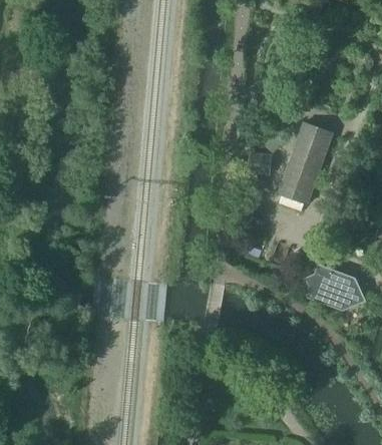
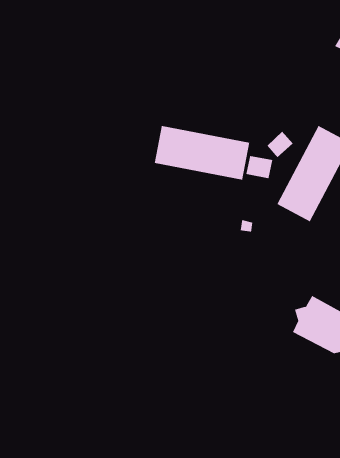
building: none -> [154,125,250,181]

